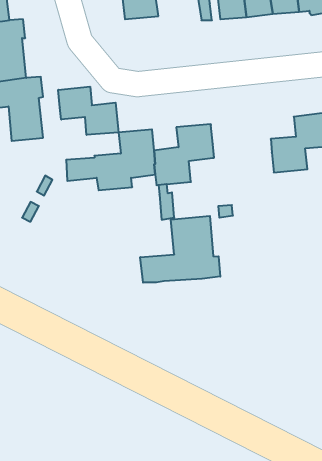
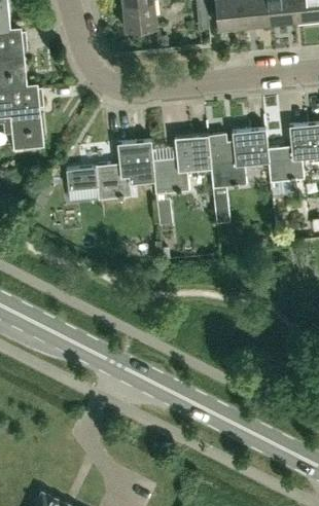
building: [58,87,119,135] -> none
building: none -> [208,129,268,187]
building: [140,216,220,283] -> none

